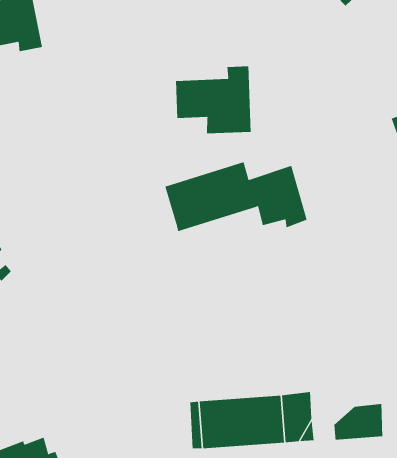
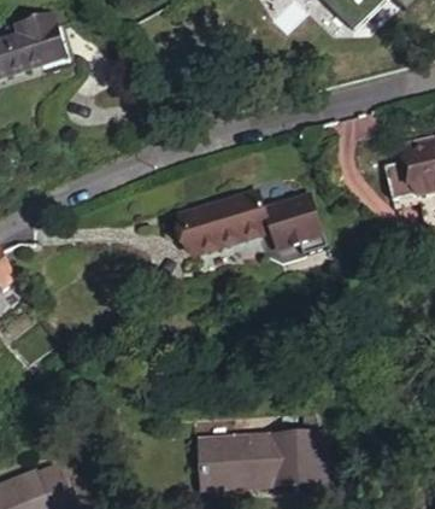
building: [175,66,251,134] -> none
building: [334,403,383,440] -> none

